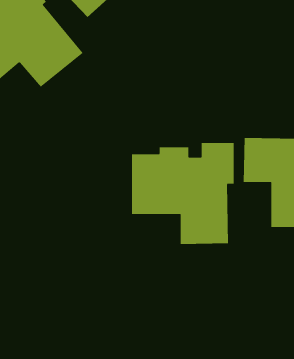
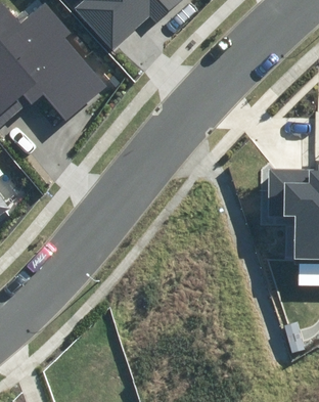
building: [132,142,234,245] -> none

